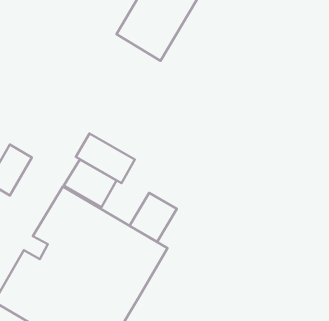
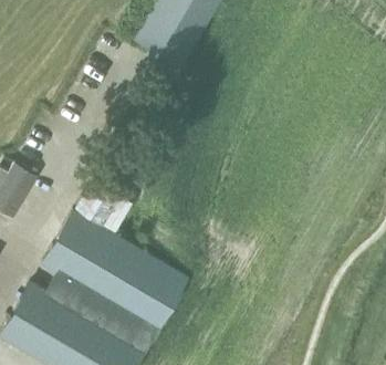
building: [76,133,135,183] -> none
building: [130,193,177,242] -> none

